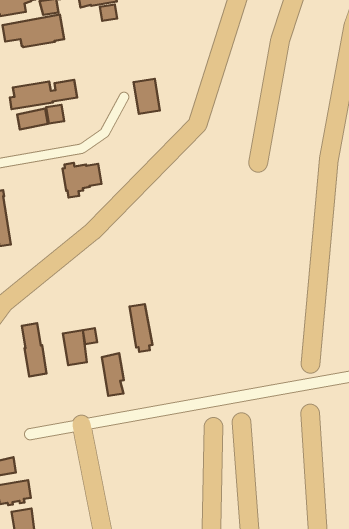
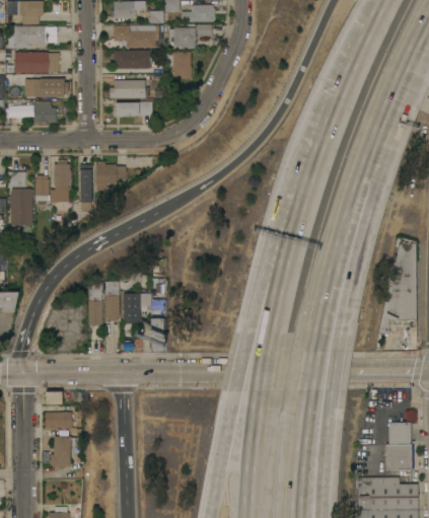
building: none -> [172,27,196,47]
building: none -> [115,50,153,69]
building: [134,79,160,114] -> [172,52,191,79]
building: [63,163,101,198] -> [95,162,126,191]
building: [129,304,153,352] -> [104,282,119,321]

